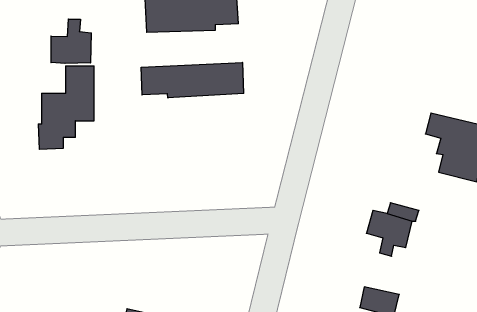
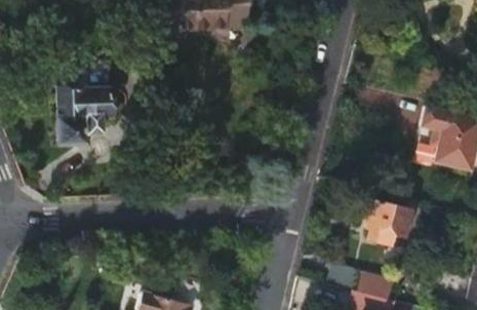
building: [51,19,91,63] -> none
building: [141,62,244,98] -> none

